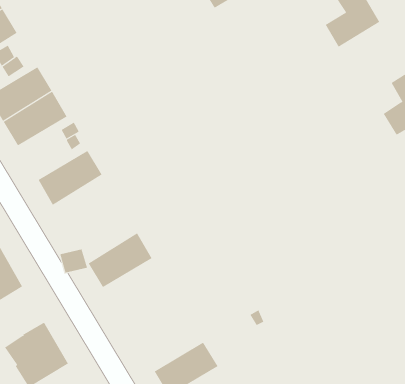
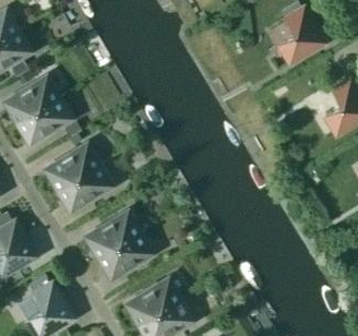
building: none -> [58,164,110,208]
building: none -> [98,231,152,276]
building: none -> [128,278,180,323]

